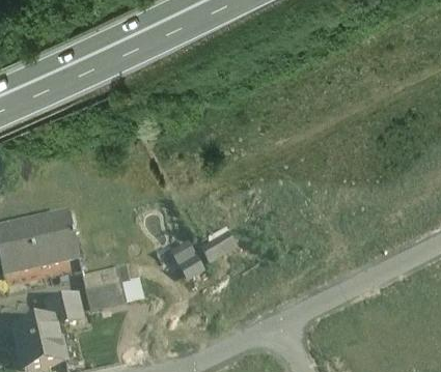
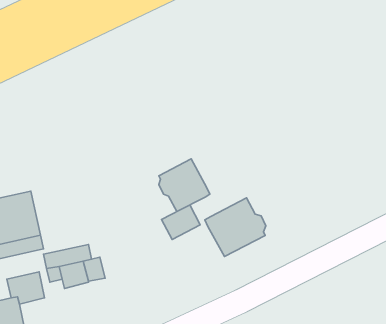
building: none -> [159,159,210,212]
building: none -> [205,198,266,257]
building: [172,240,203,275] -> none

